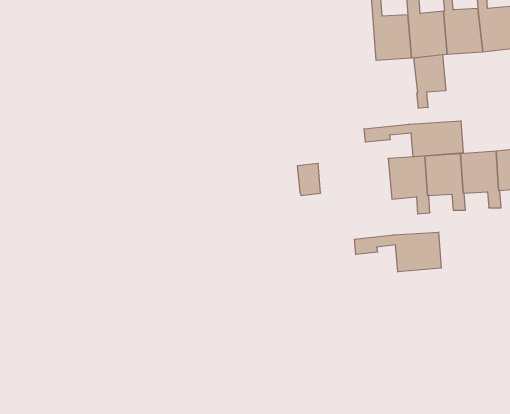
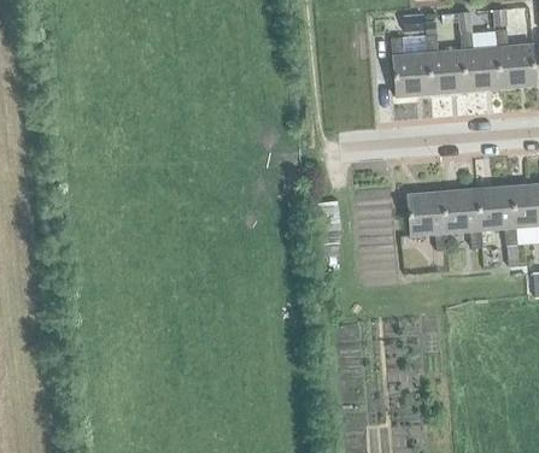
building: [414,55,446,108] -> none
building: [364,121,463,157] -> none
building: [354,232,441,272] -> none

